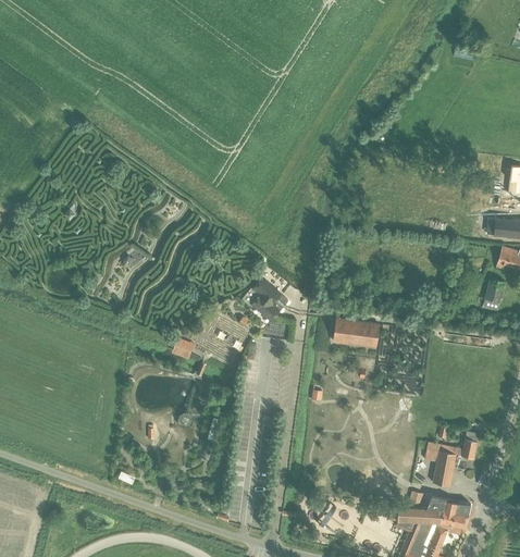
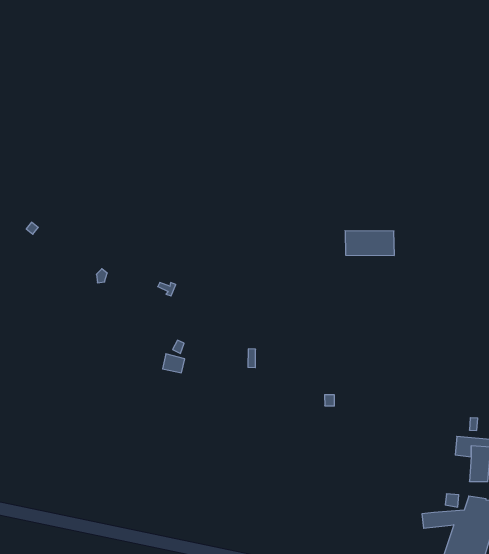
building: [250,280,287,322] -> none
building: [332,321,377,348] -> [345,231,394,255]

